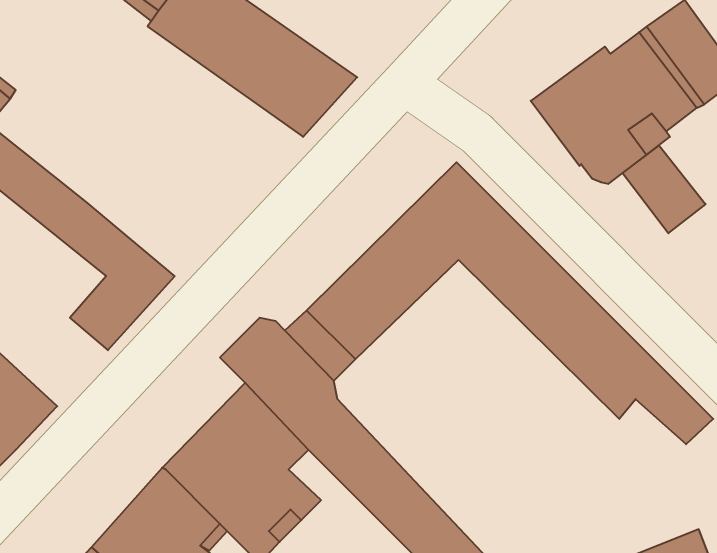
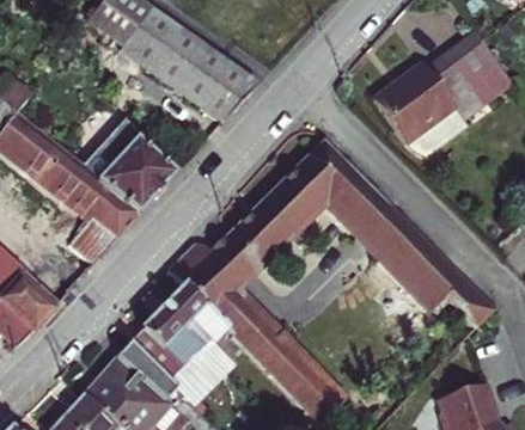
building: none -> [78,117,173,215]
building: [622,145,706,233] -> none

